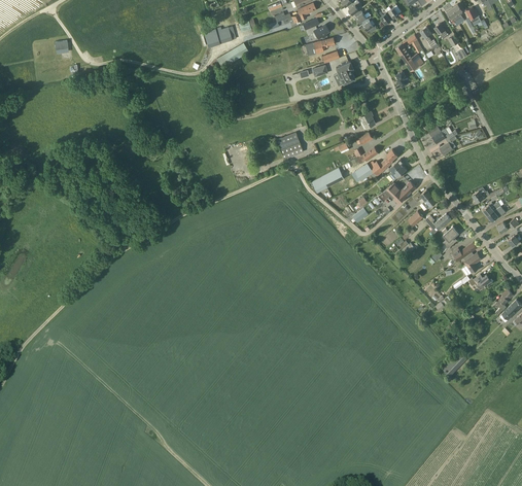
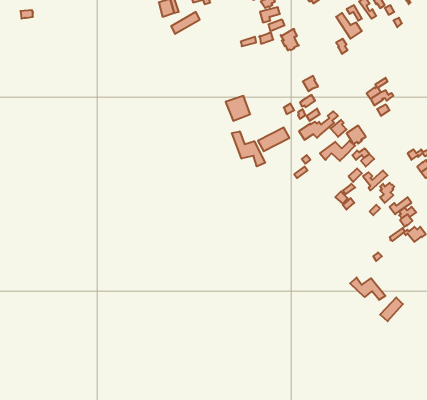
building: none -> [232,131,265,166]
building: none -> [350,277,385,300]

